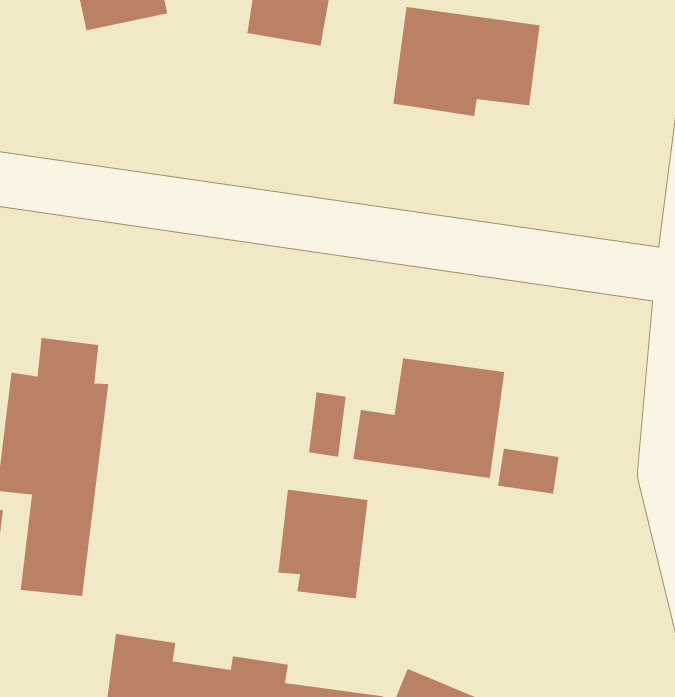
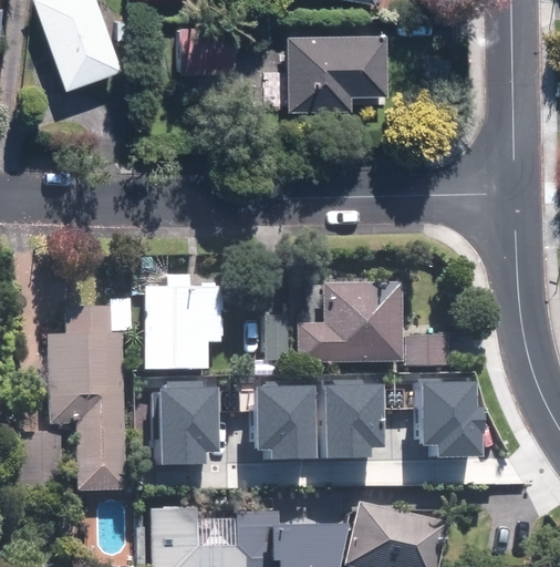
building: none -> [144,287,219,367]
building: none -> [153,386,218,463]
building: none -> [322,382,388,458]
building: none -> [421,382,481,455]

